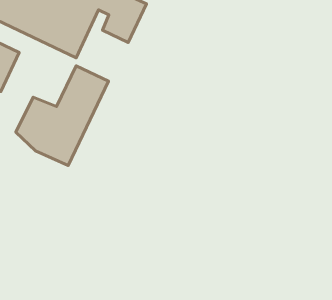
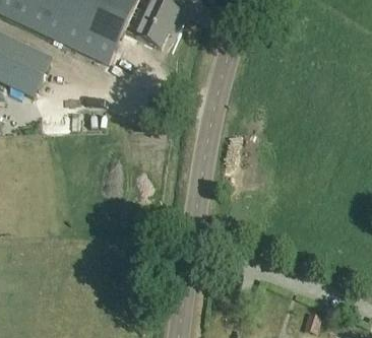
building: [16,66,108,165] -> none

